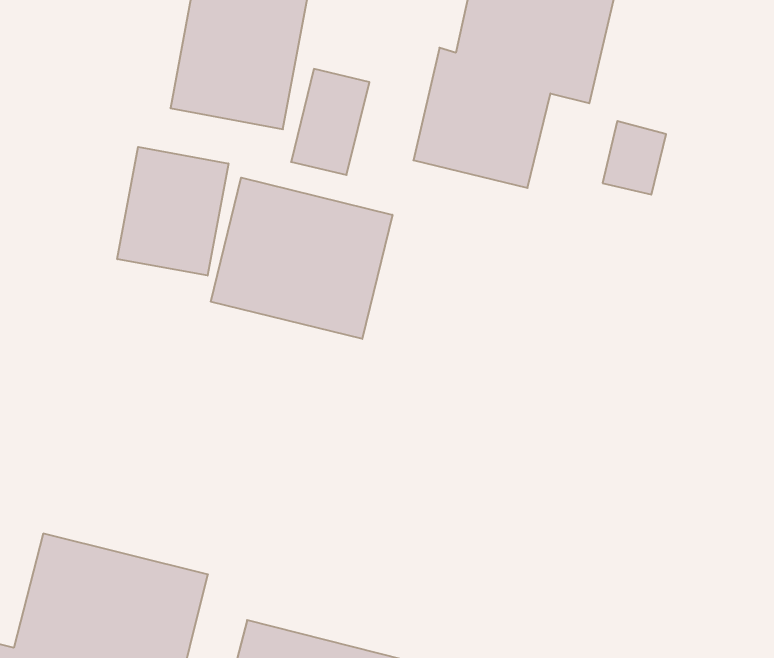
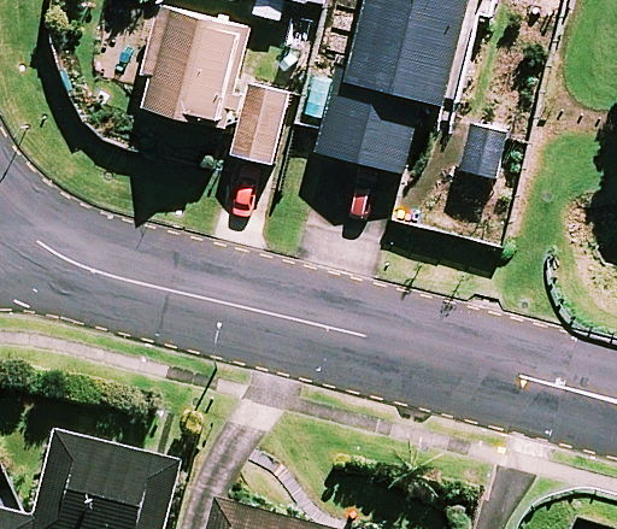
building: [117,147,228,276] -> none
building: [211,178,392,339] -> none

